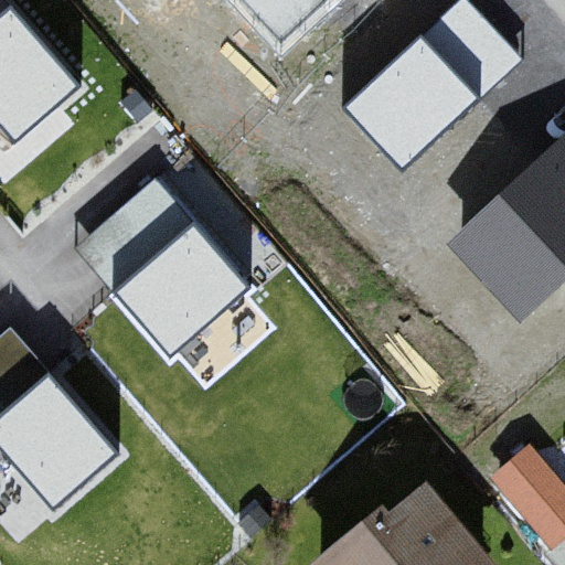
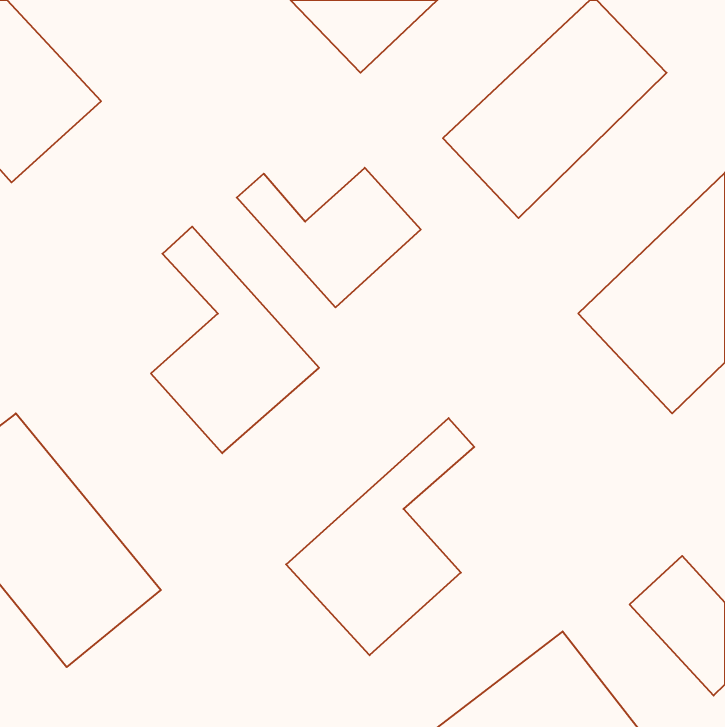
building: none -> [237,168,421,307]
building: none -> [286,418,474,655]

